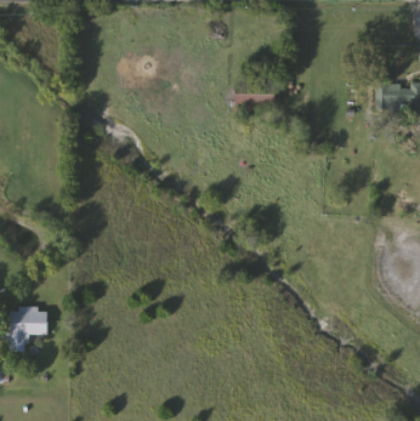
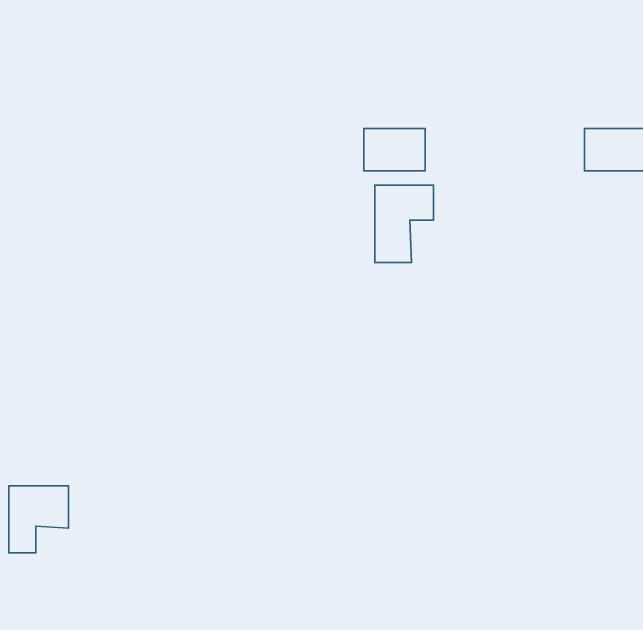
building: none -> [375,185,433,262]

